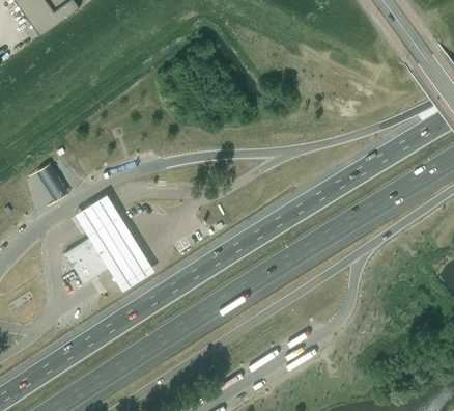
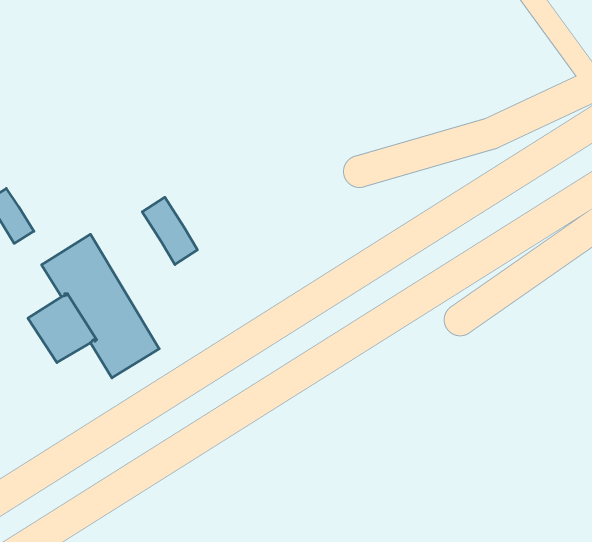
building: none -> [142,197,197,265]

